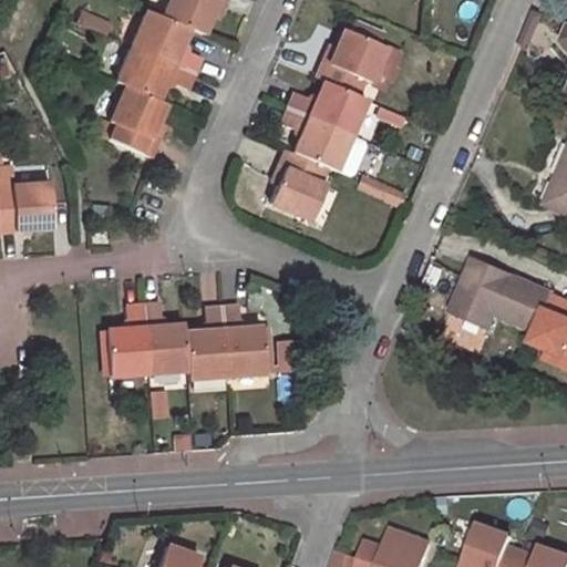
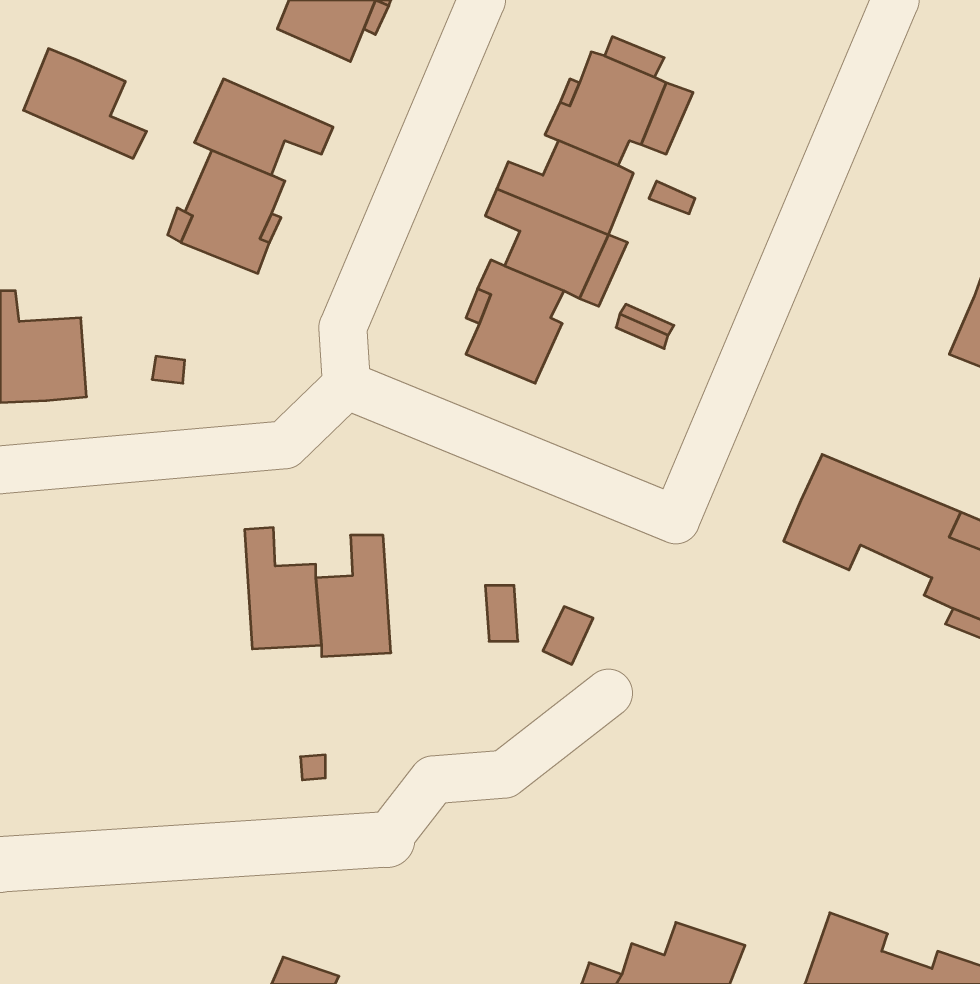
building: [131,10,202,73] -> [23,49,147,158]
building: [105,305,147,375] -> none
building: [223,306,264,375] -> none

